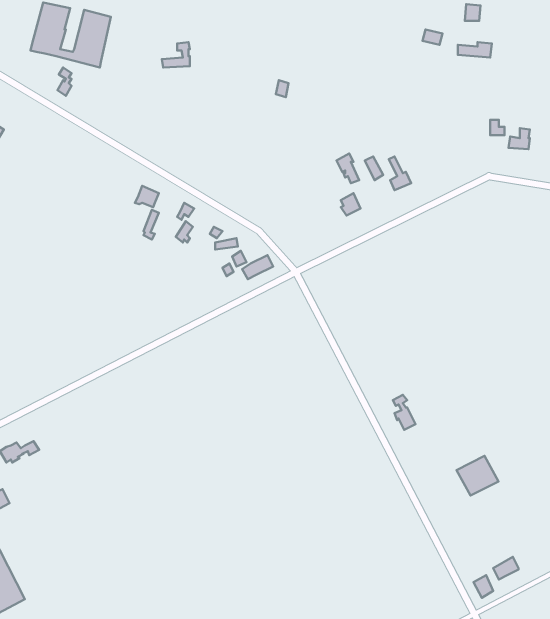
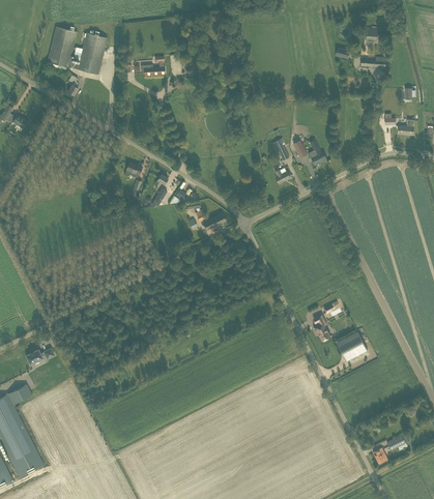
building: [456,456,499,495] -> [336,330,367,359]

